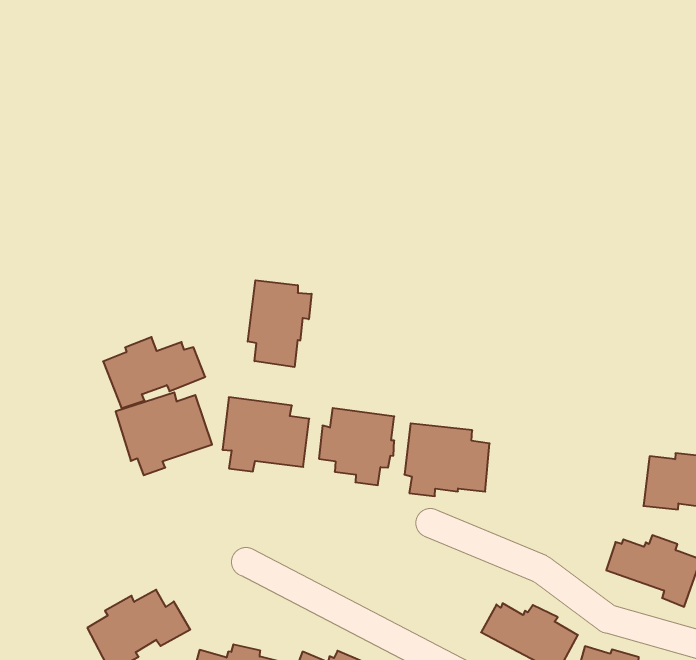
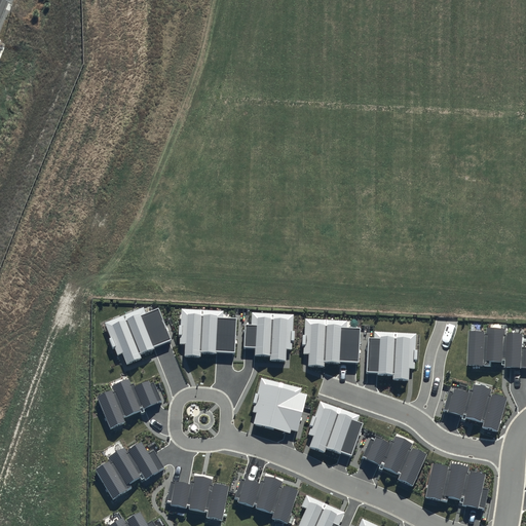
building: [248,280,312,367] -> none
building: [103,337,205,408] -> [96,378,165,427]
building: none -> [367,331,417,380]
building: none -> [253,377,307,434]
building: none -> [309,401,363,455]

